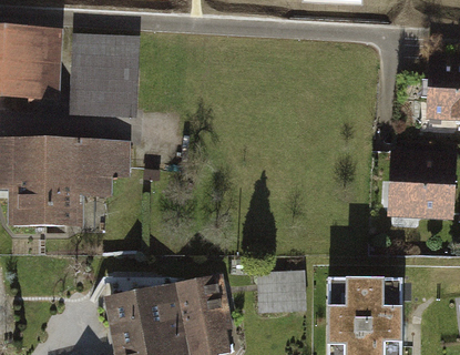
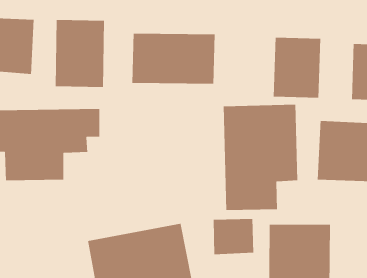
building: none -> [132,33,215,85]
building: none -> [273,37,321,98]
building: none -> [223,104,298,211]

